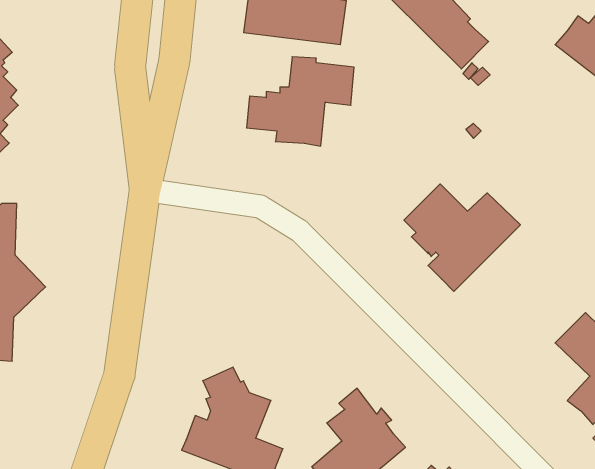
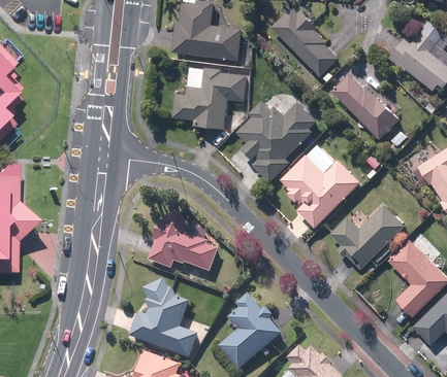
building: none -> [331,73,398,137]
building: none -> [237,100,317,180]
building: none -> [330,204,405,268]
building: none -> [149,212,219,271]

